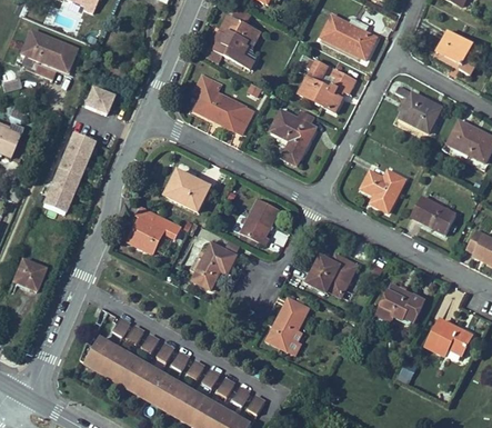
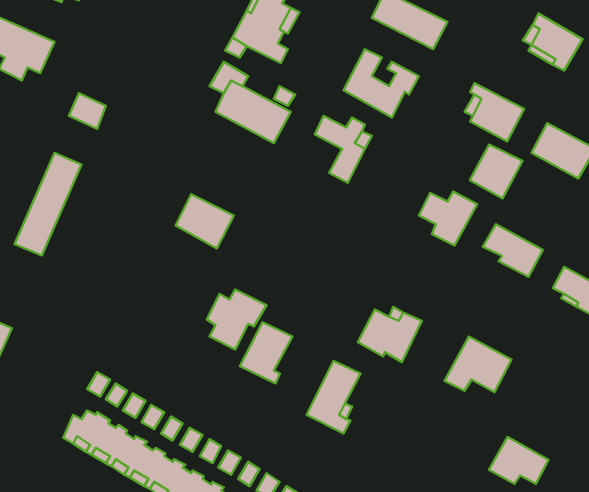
building: none -> [470,144,523,199]
building: [241,199,282,247] -> [240,322,292,383]
building: [132,203,180,253] -> none
building: [425,320,472,357] -> [489,437,549,484]

